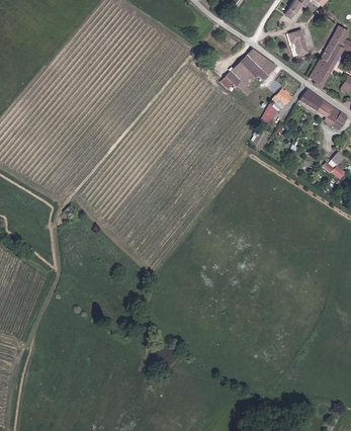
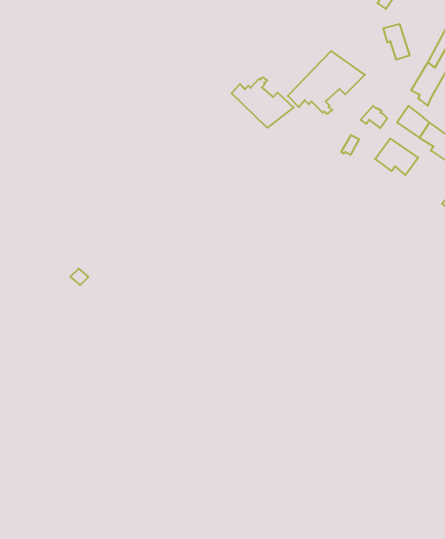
building: none -> [231,77,294,128]
building: none -> [375,139,418,175]

